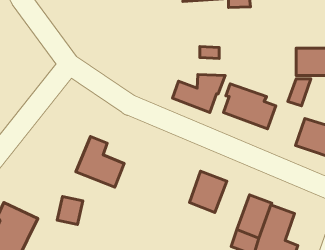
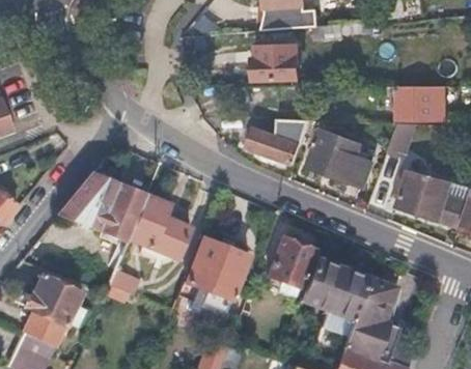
building: none -> [255,45,301,80]
building: none -> [58,172,145,242]
building: none -> [185,237,247,312]
building: none -> [302,255,342,308]

